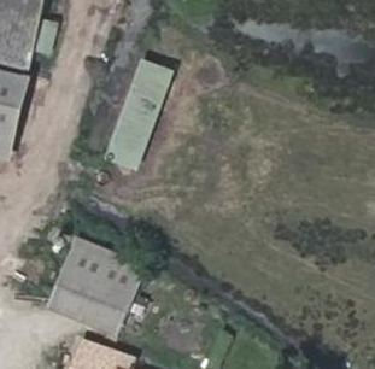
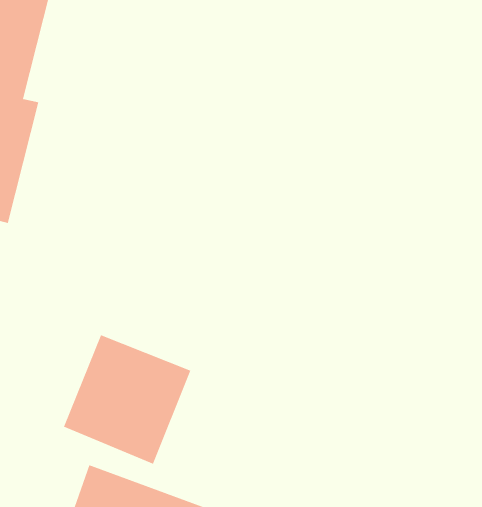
building: [104,63,171,170] -> none

